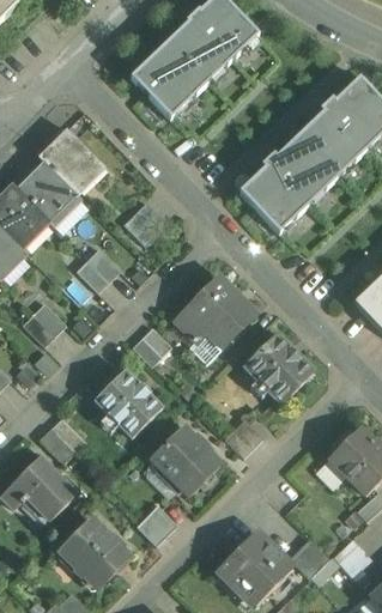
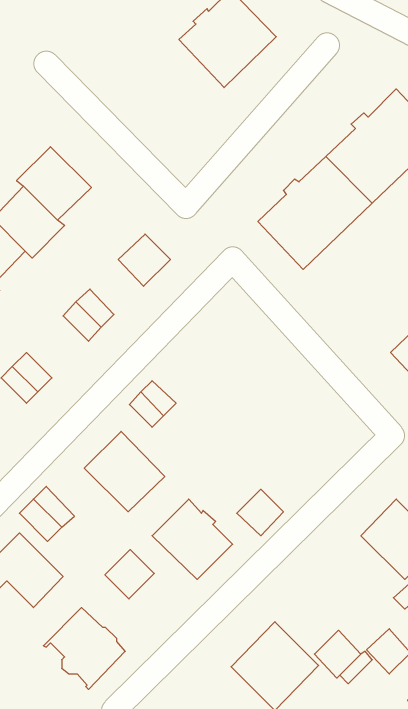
building: [131,37,212,117] -> none
building: [176,278,254,364] -> none
building: [244,335,313,402] -> none
building: [135,504,177,546] -> [105,550,154,599]

